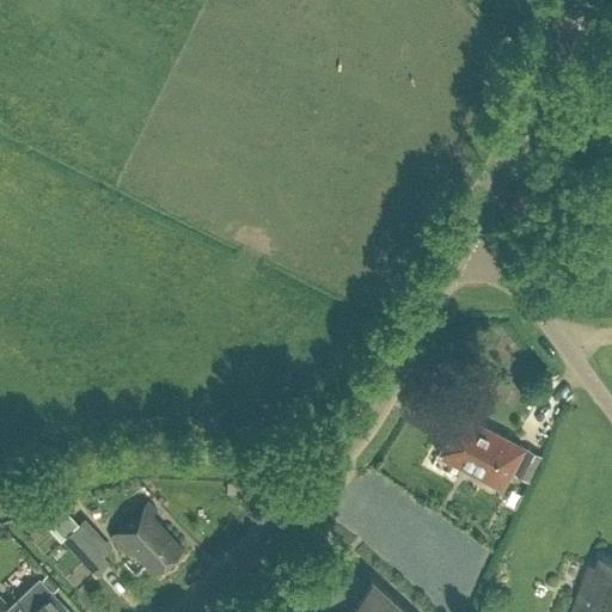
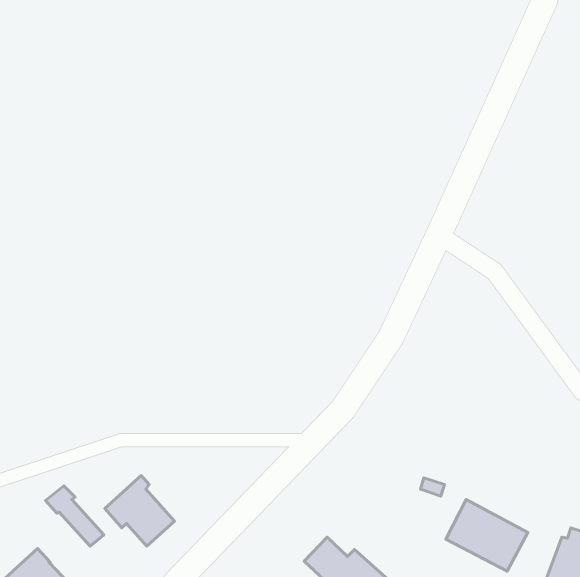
building: [440,416,526,491] -> [446,499,528,571]

